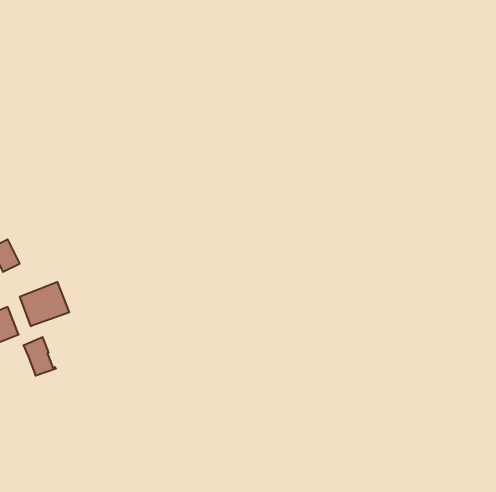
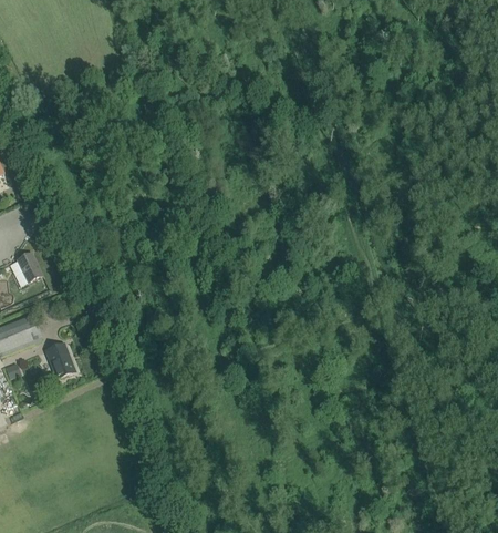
building: [20,282,69,326] -> none

